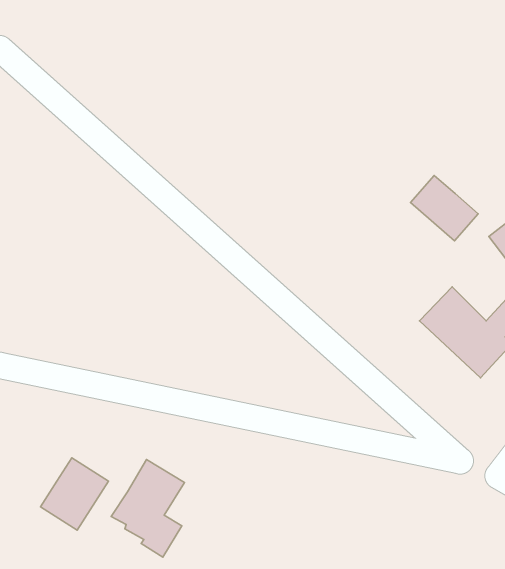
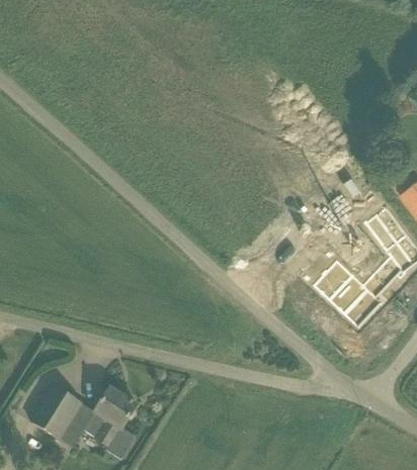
building: [410,175,478,241] -> none

